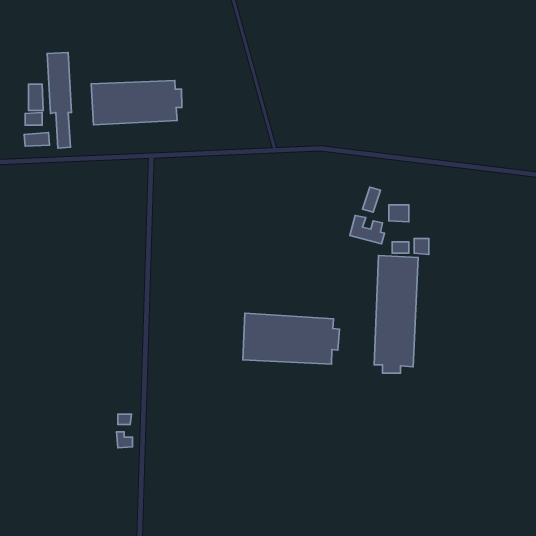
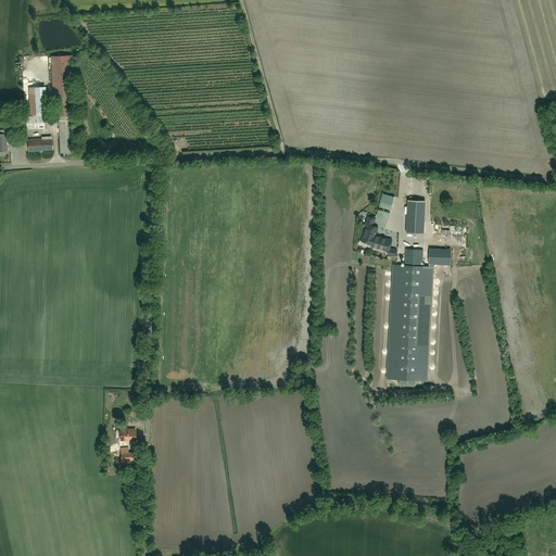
building: [91,81,182,125] -> none
building: [243,313,340,364] -> none

